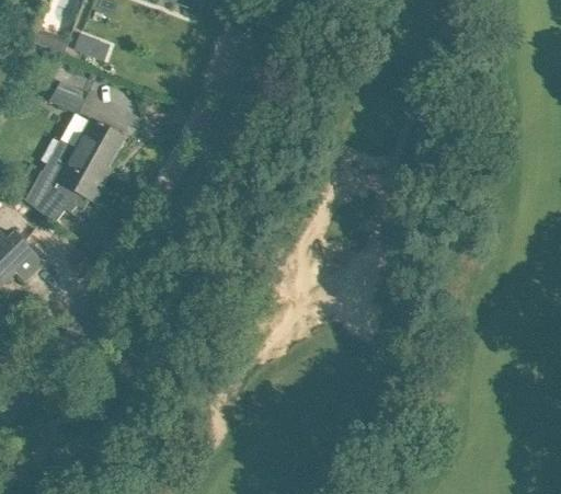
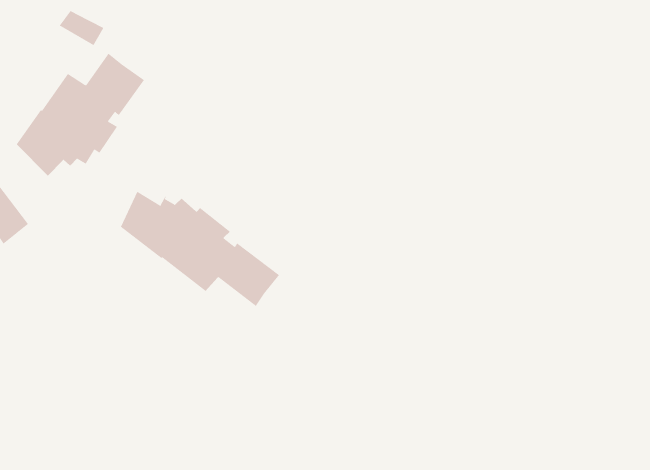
building: none -> [120,191,280,307]

